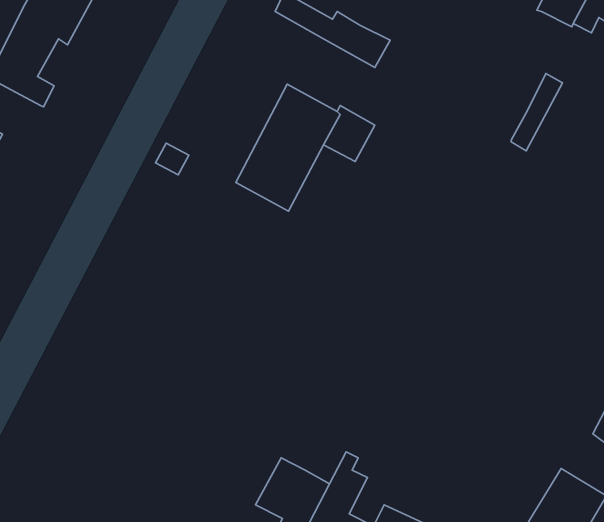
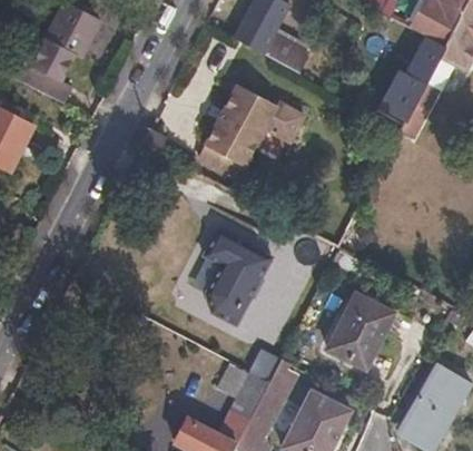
building: none -> [392,32,447,127]
building: none -> [217,235,273,324]
building: none -> [327,292,393,367]

